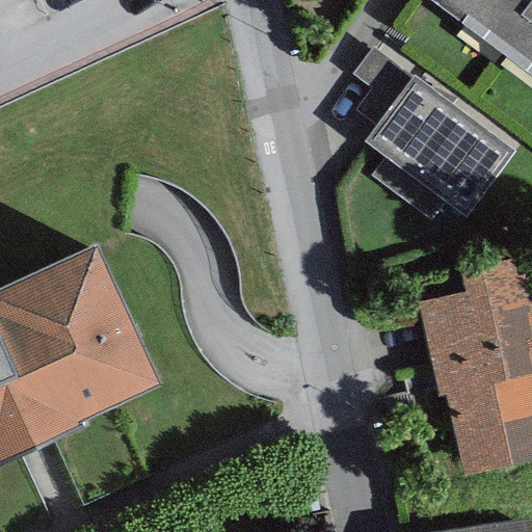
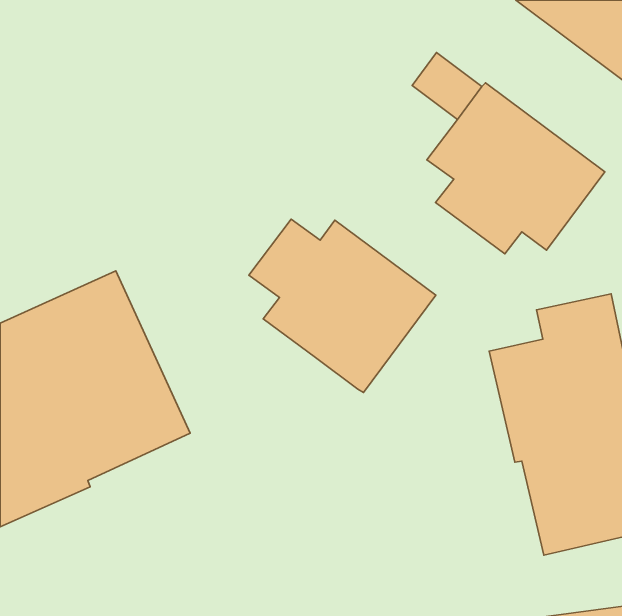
building: none -> [249,219,436,392]

